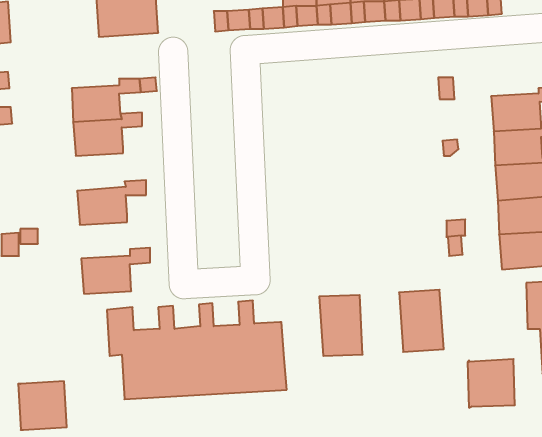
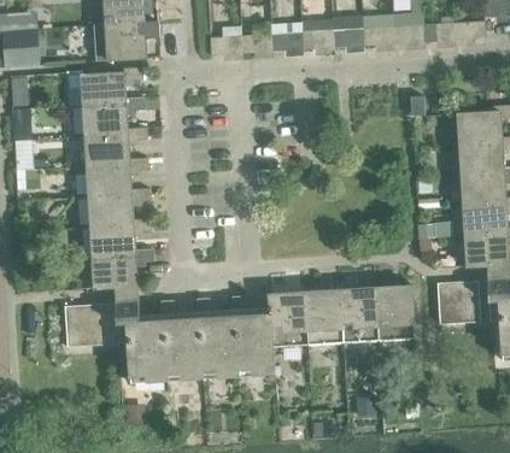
building: none -> [65,67,141,106]
building: none -> [86,158,147,198]
building: none -> [89,218,151,258]
building: none -> [339,288,377,343]
building: none -> [266,292,306,347]
building: [468,359,515,408] -> [436,281,479,324]
building: [18,381,67,430] -> [63,304,106,347]

